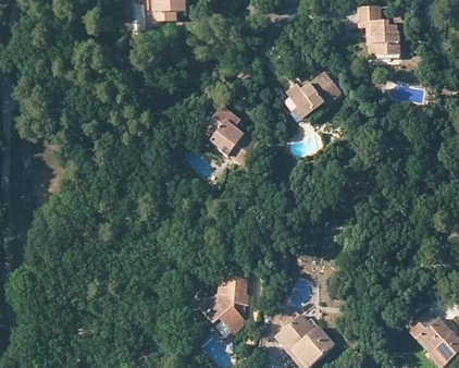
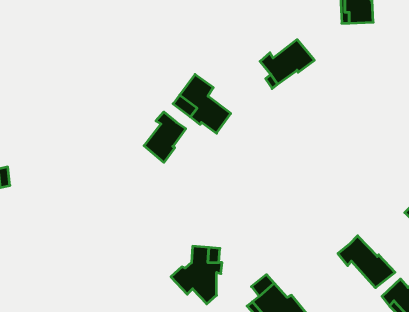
building: none -> [144,112,186,162]
building: none -> [338,236,395,288]

